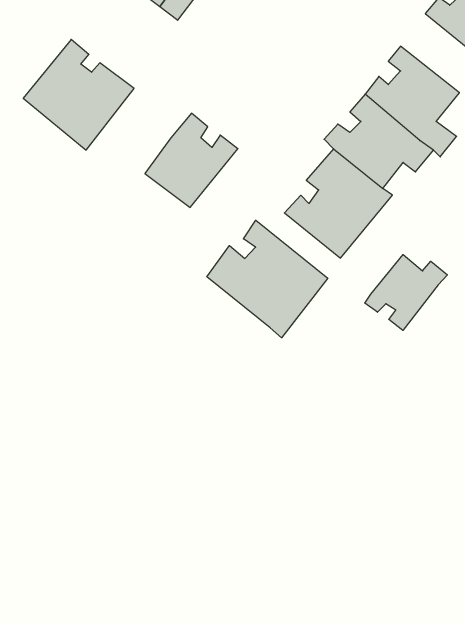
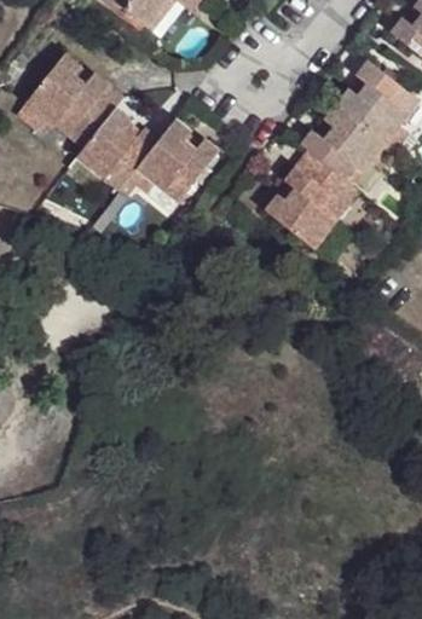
building: none -> [80,106,161,190]
building: [207,220,328,338] -> none
building: [365,255,447,330] -> none

